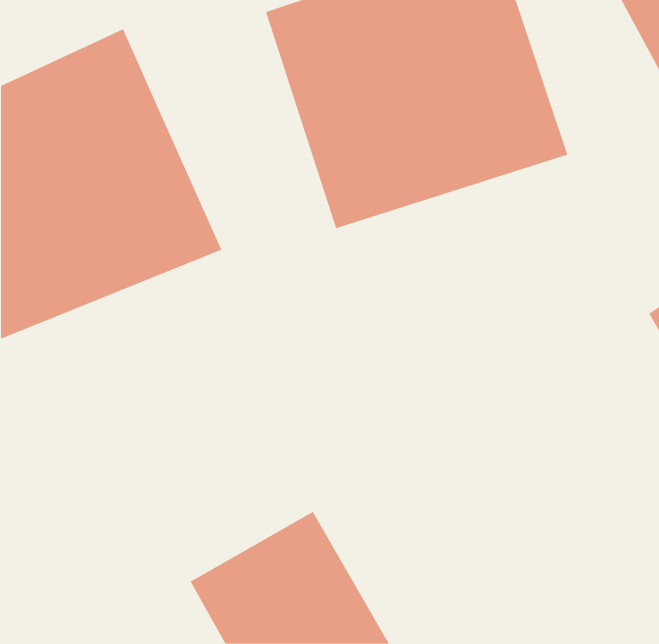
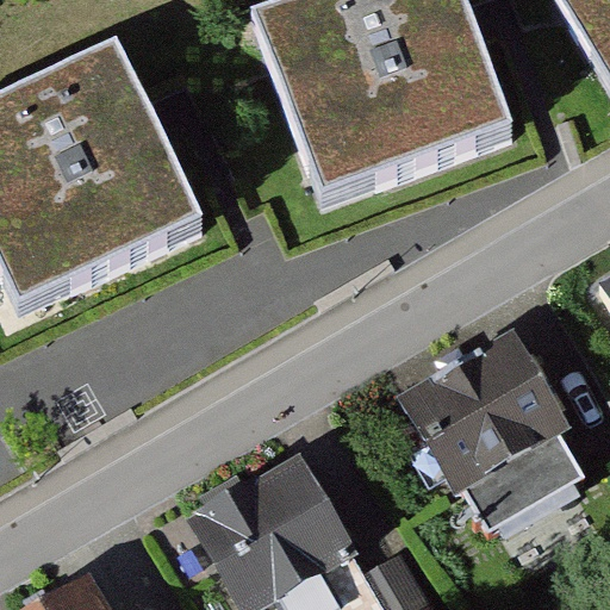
building: none -> [399,342,591,554]

